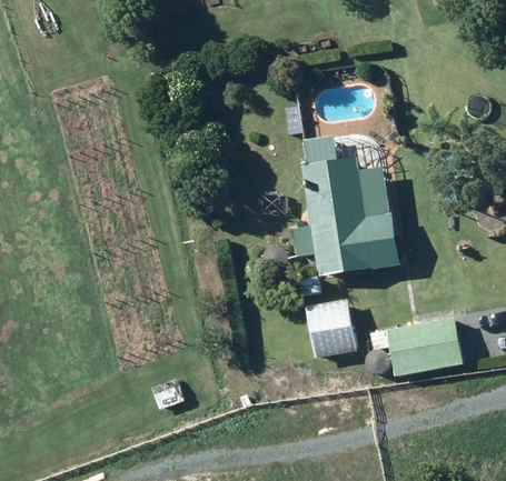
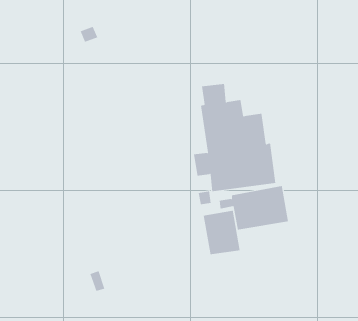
building: [373,318,462,374] -> [219,186,289,230]

